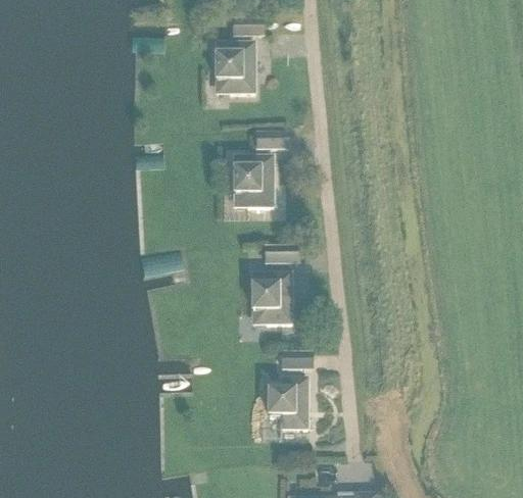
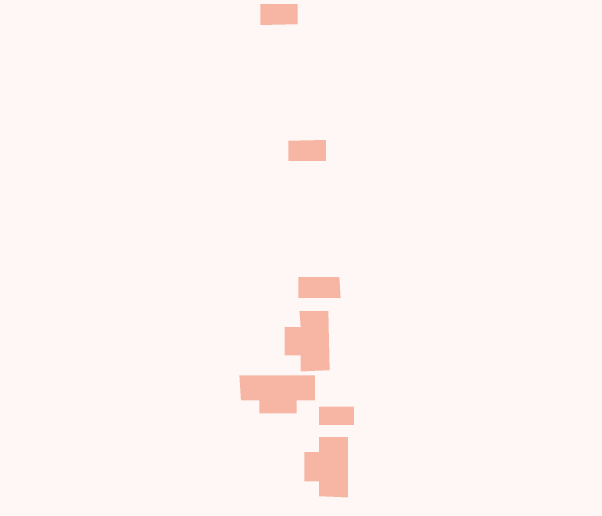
building: [216,44,254,95] -> none
building: [234,157,272,208] -> none
building: none -> [239,375,315,414]

